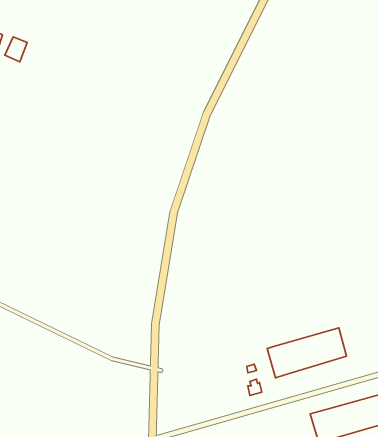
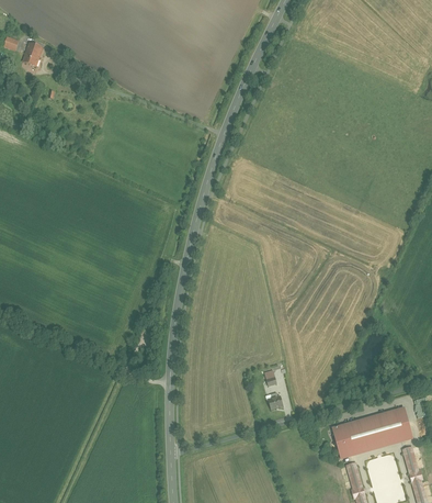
building: [267,328,346,378] -> none

